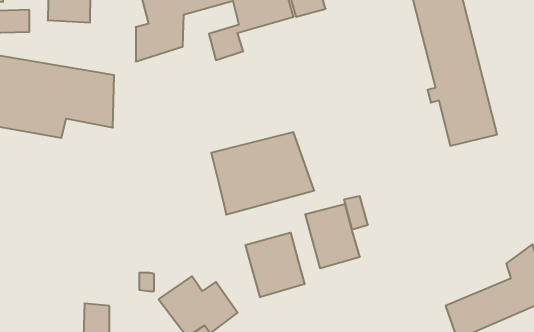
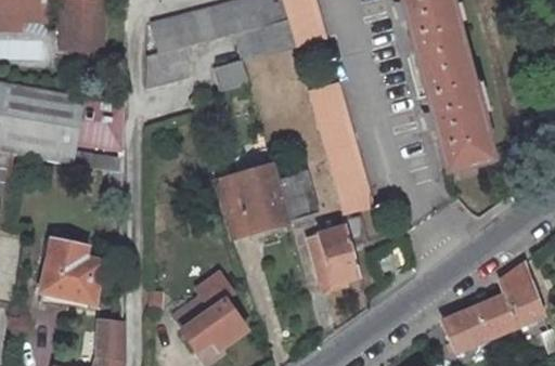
building: none -> [311,83,373,213]
building: none -> [38,234,102,299]
building: [246,233,305,297] -> none

